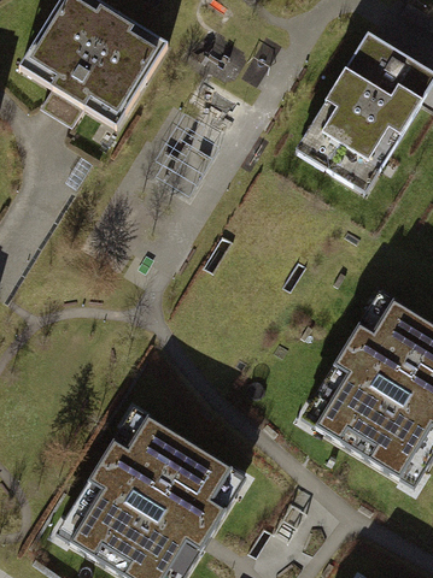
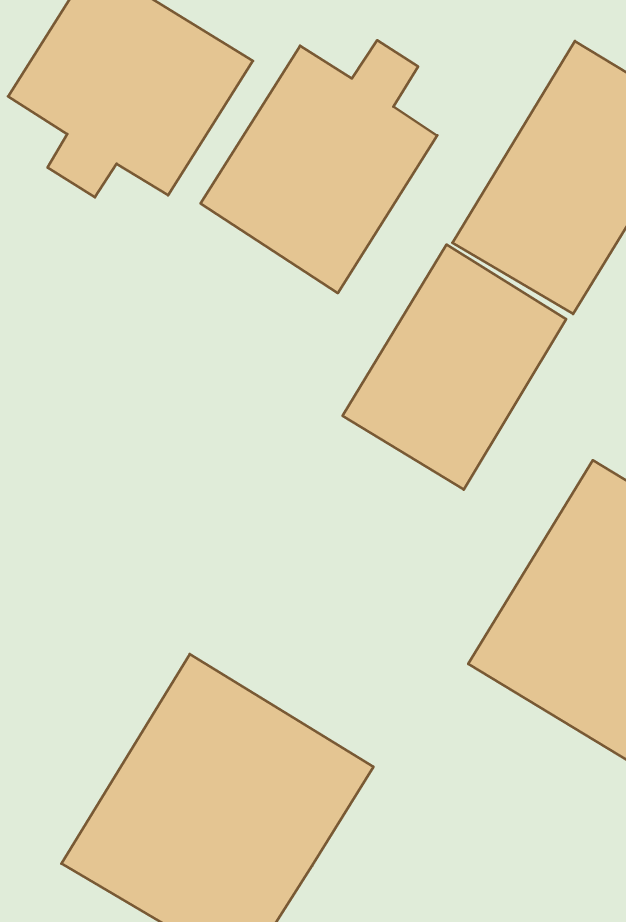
building: none -> [201,40,437,293]
building: none -> [343,245,566,490]

